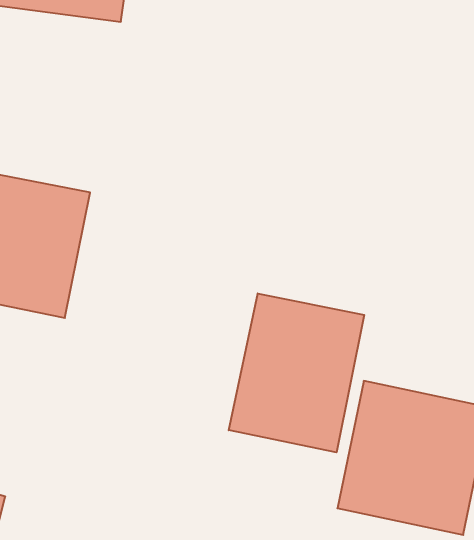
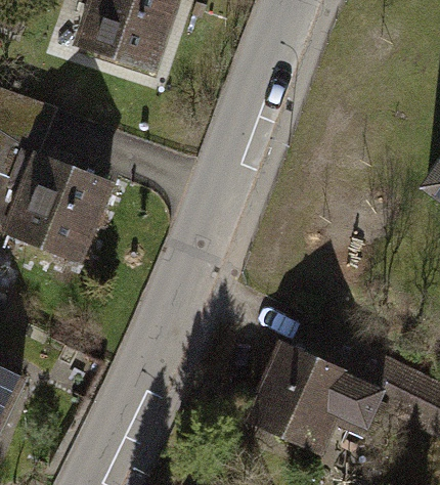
building: [229,293,364,452] -> none

